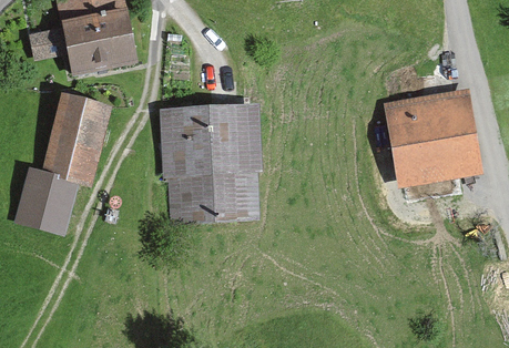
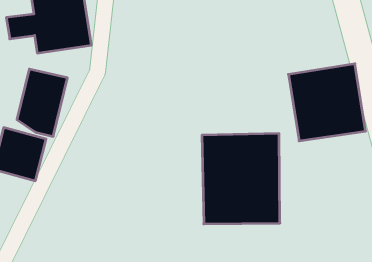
building: [162,108,259,221] -> [202,134,280,224]

